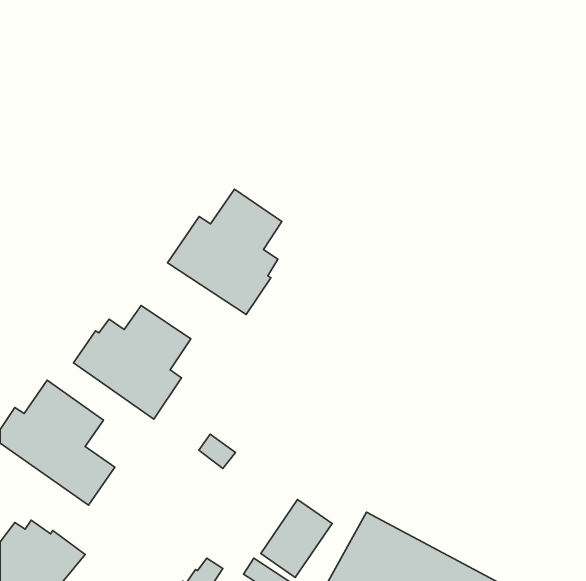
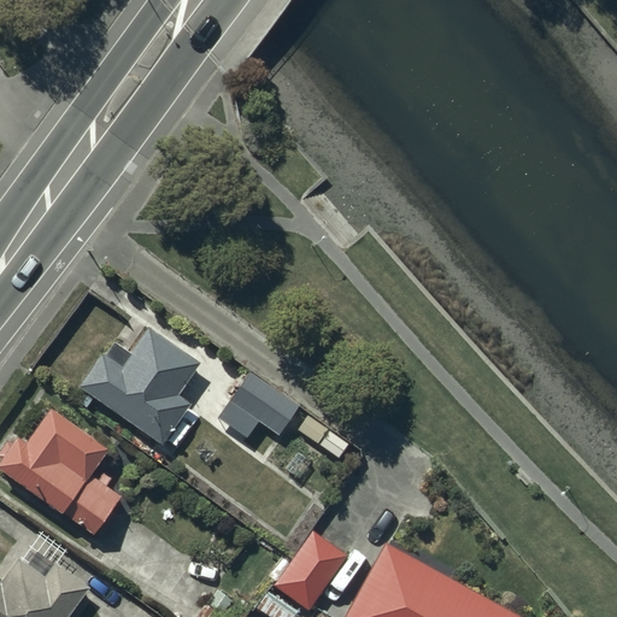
building: [167,189,282,314] -> none
building: none -> [217,372,300,443]

